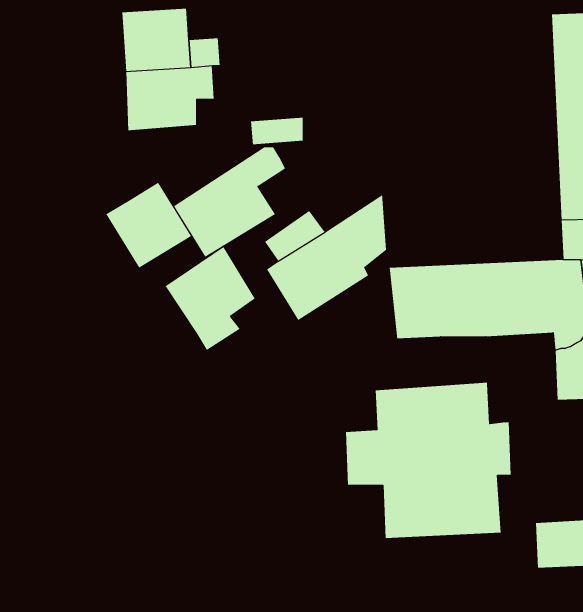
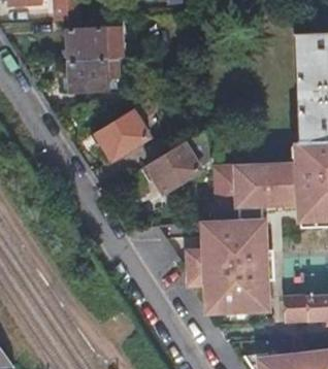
building: [105,182,192,269] -> none
building: [165,246,256,351] -> none
building: none -> [200,201,269,246]

